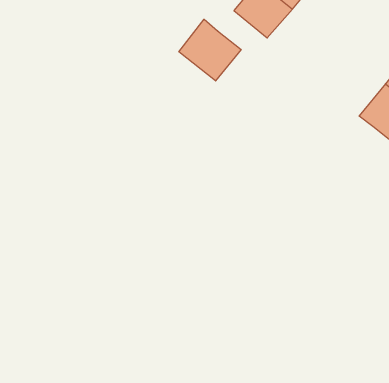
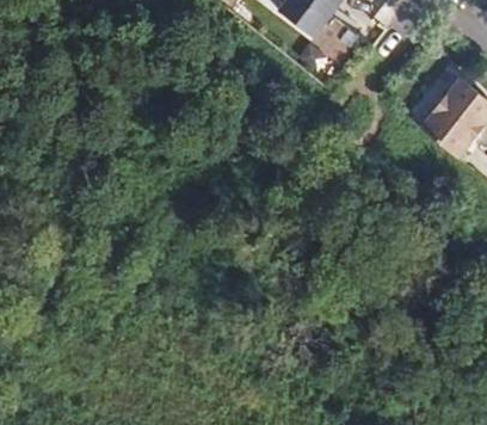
building: [179,19,241,81] -> none

